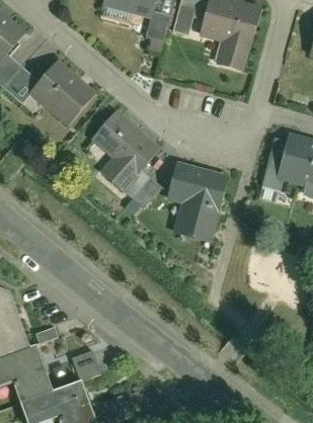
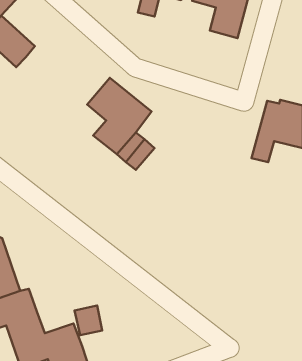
building: [28,62,94,126] -> none
building: [167,165,227,244] -> none

